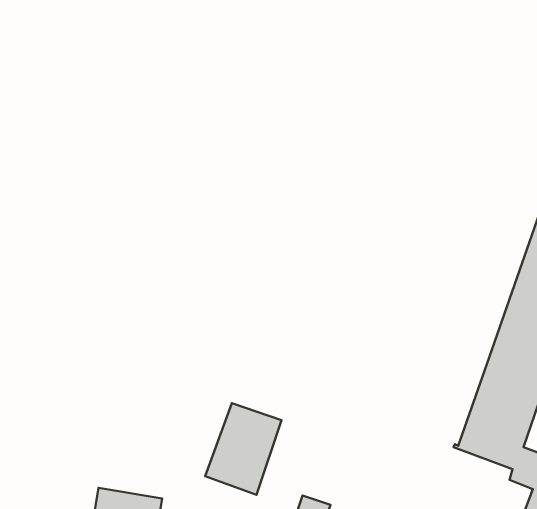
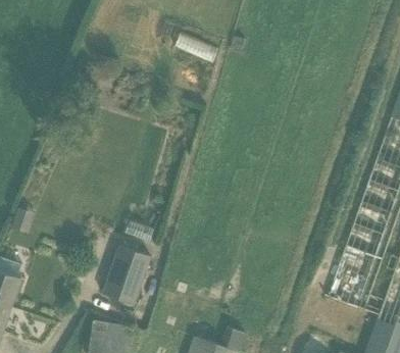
building: [205,403,282,495] -> [101,245,151,305]

